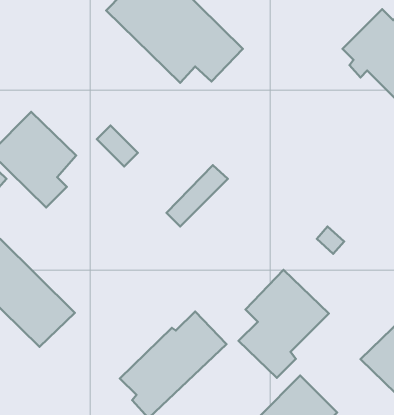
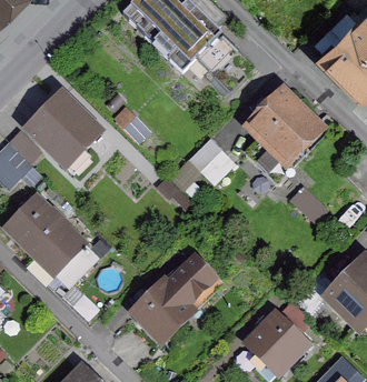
building: [239,270,329,378] -> [246,94,319,182]

